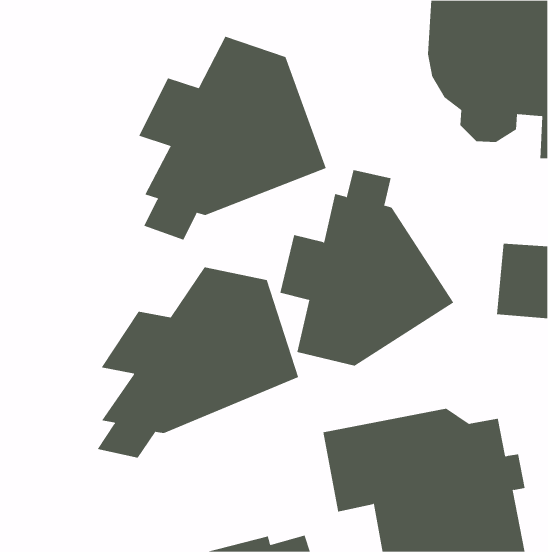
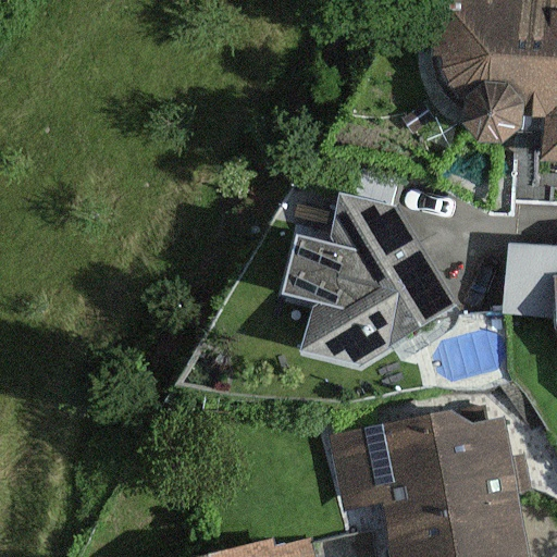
building: [138,36,326,241] -> none
building: [97,267,299,459] -> none

